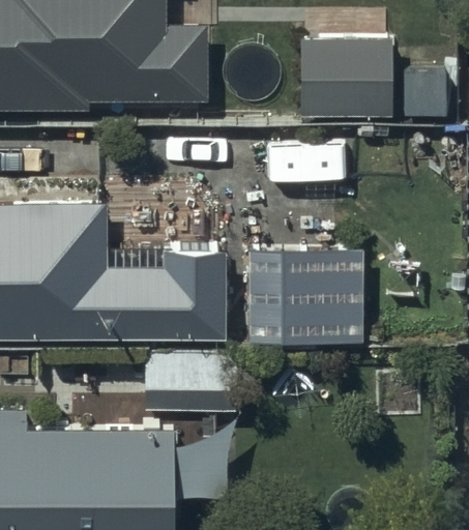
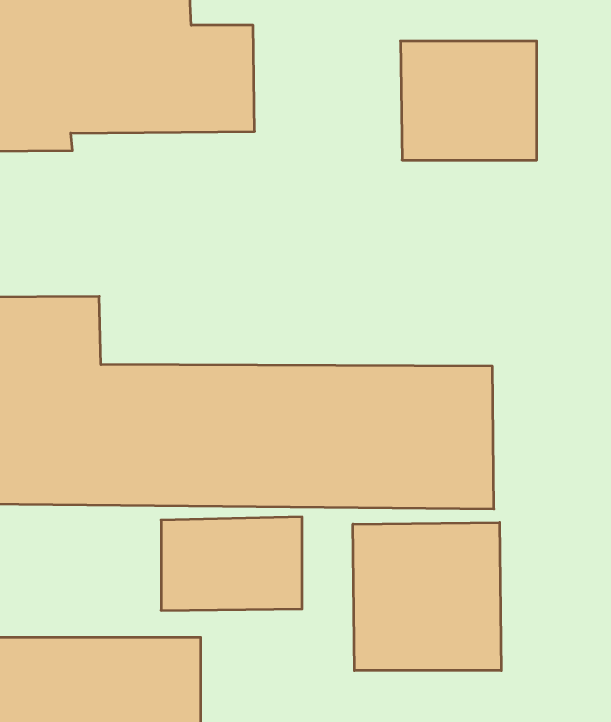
building: none -> [353,522,501,671]

